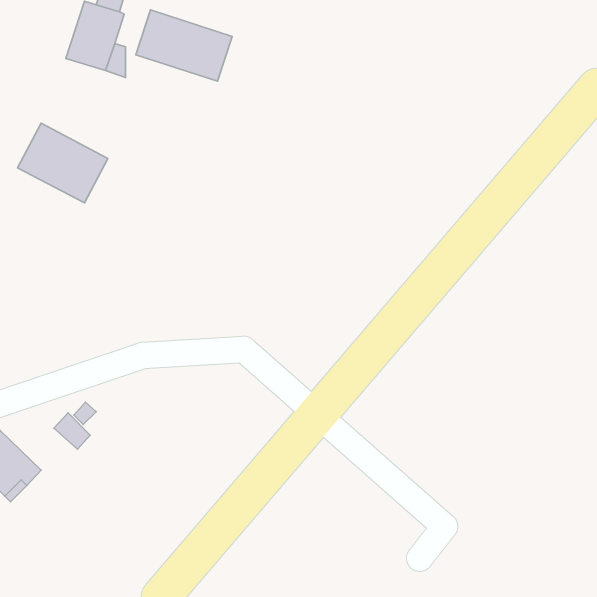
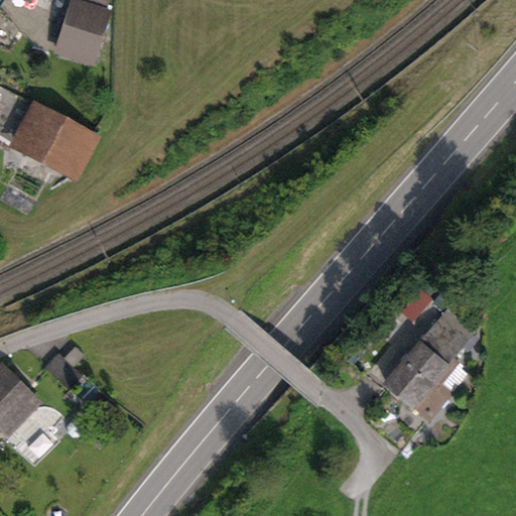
building: [136,10,232,81] -> none
building: none -> [385,312,470,417]

